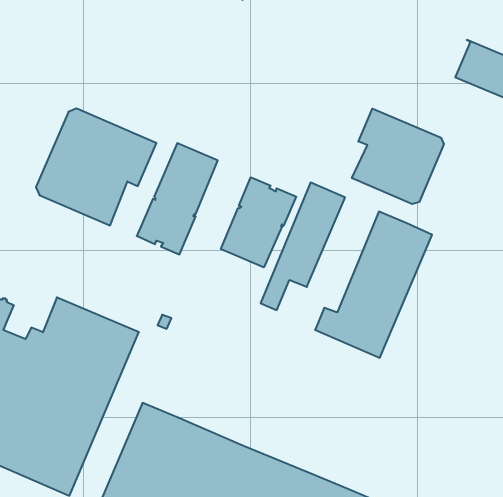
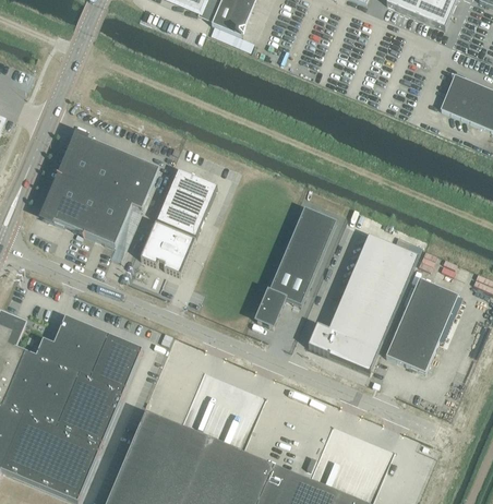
building: [352,109,444,204] -> none
building: [221,177,296,267] -> none
building: none -> [385,277,458,372]

